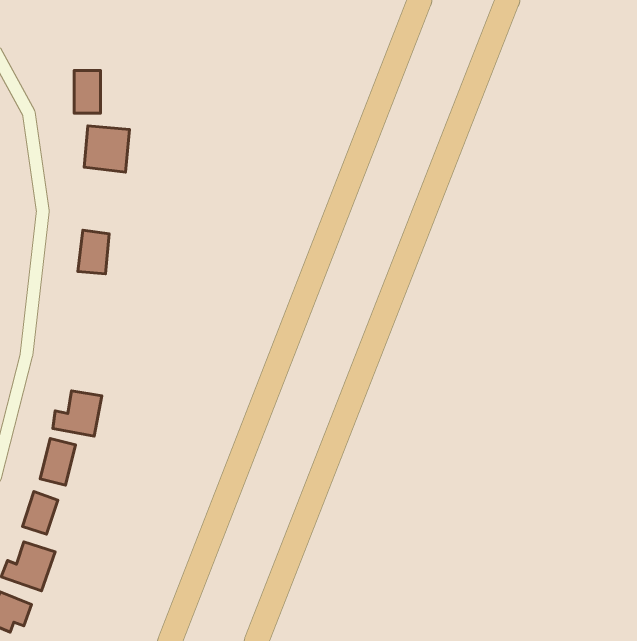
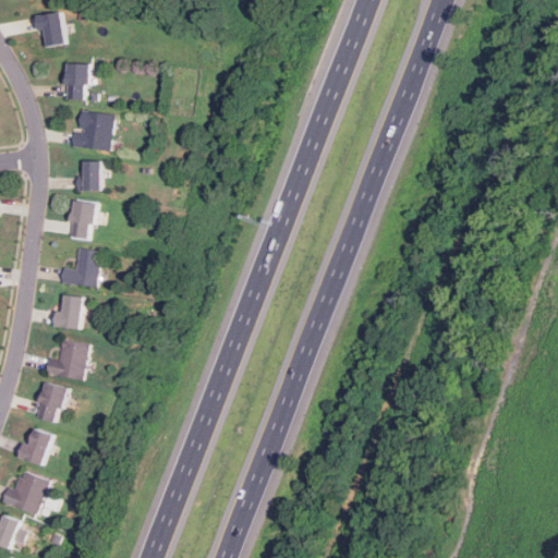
building: none -> [36,13,63,48]
building: none -> [80,160,100,191]
building: none -> [60,248,99,287]
building: none -> [54,294,82,328]

